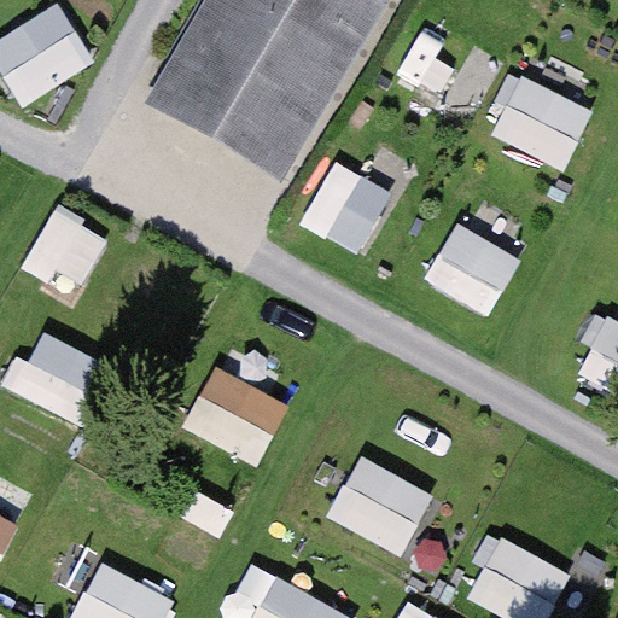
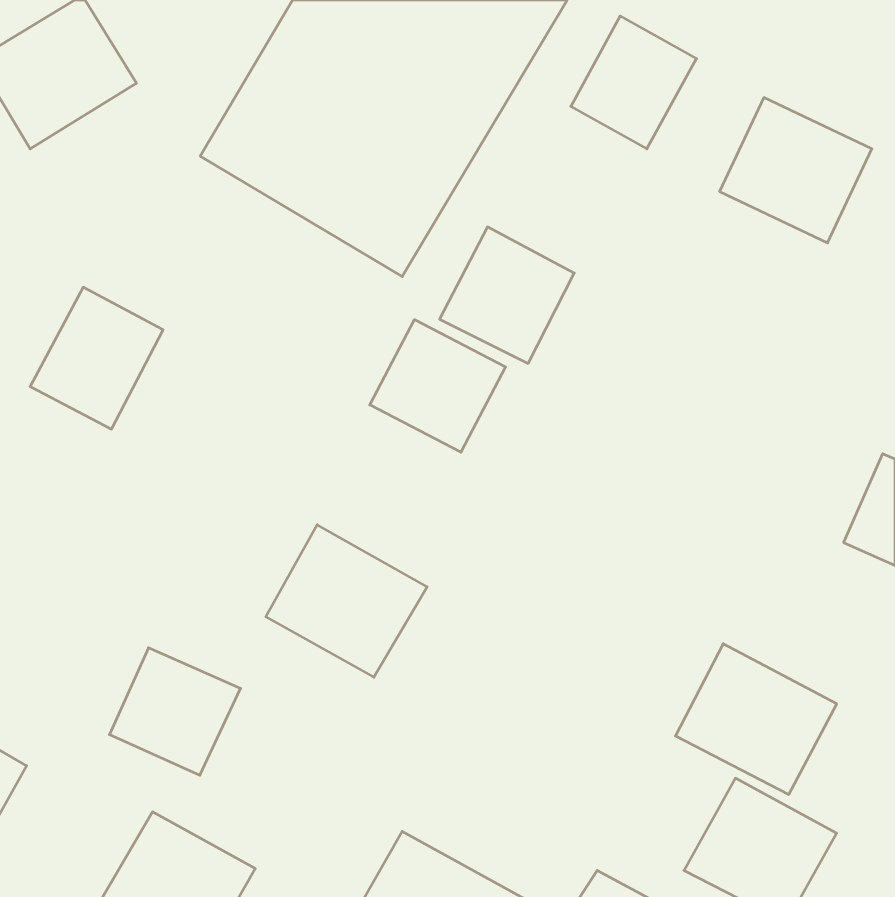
building: [422,218,521,316] -> none
building: none -> [370,320,506,452]
building: [7,332,97,419] -> [109,648,241,775]
building: [325,454,435,556] -> [675,644,837,794]

